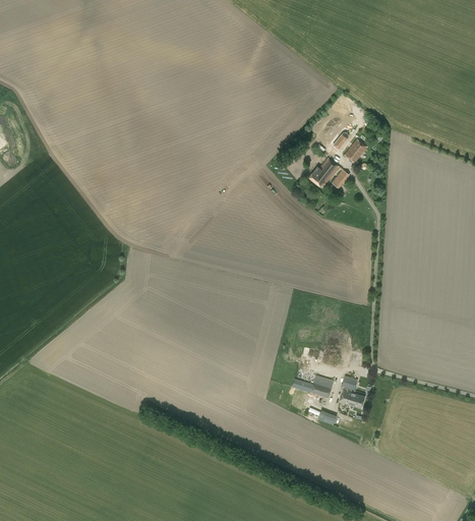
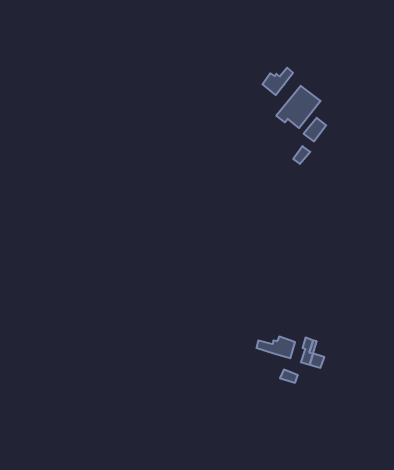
building: none -> [262,68,293,95]
building: [309,158,339,188] -> none

